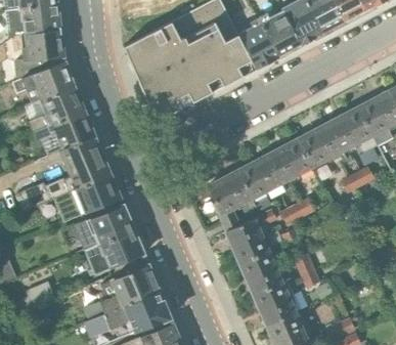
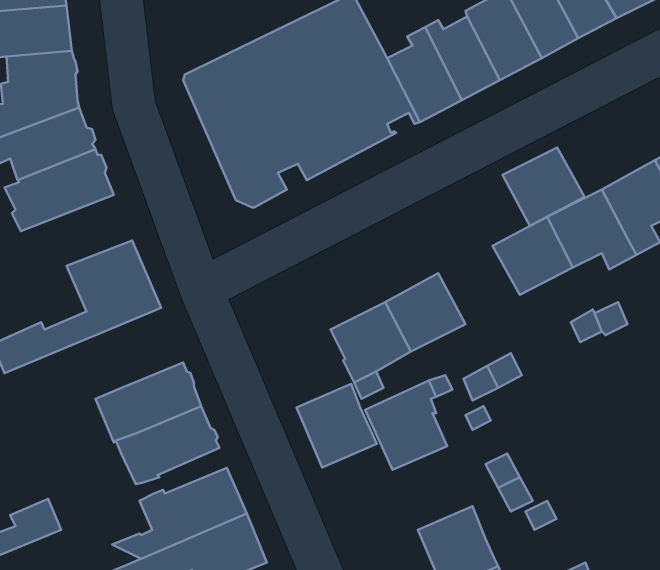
building: [32,111,94,156] -> none
building: [266,139,312,183] -> [503,148,585,226]
building: [54,174,121,222] -> none
building: [240,252,285,299] -> [297,384,377,467]

